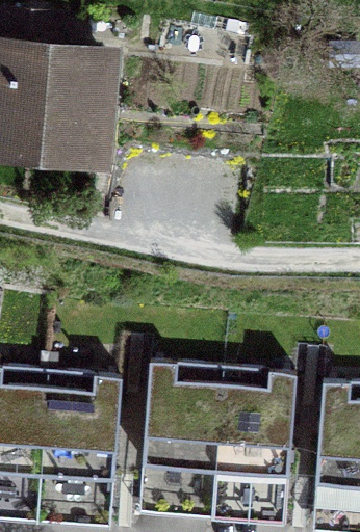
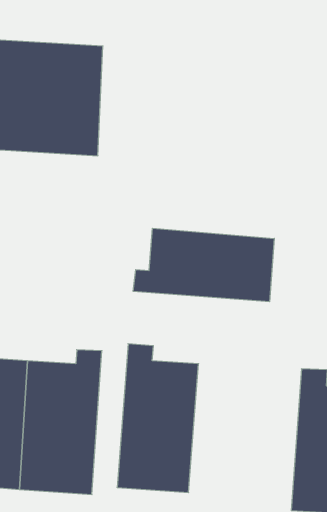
building: none -> [133,228,274,302]
building: [210,365,295,515] -> none

